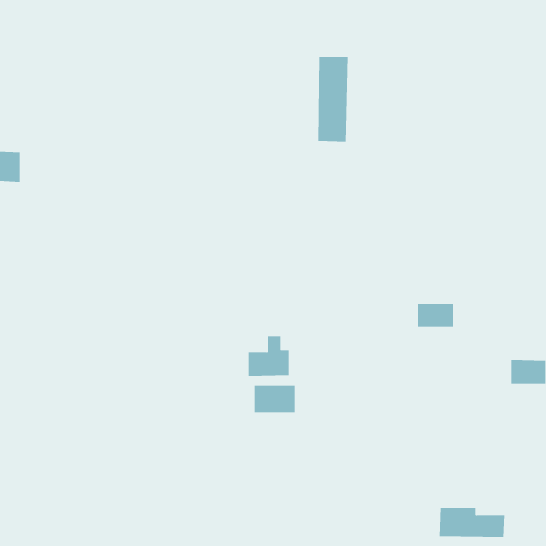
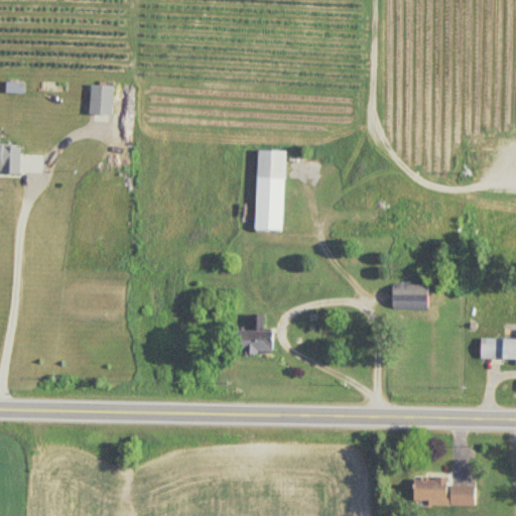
building: [318,56,349,142] -> [255,150,284,231]
building: none -> [89,85,111,114]
building: [254,385,295,413] -> none

